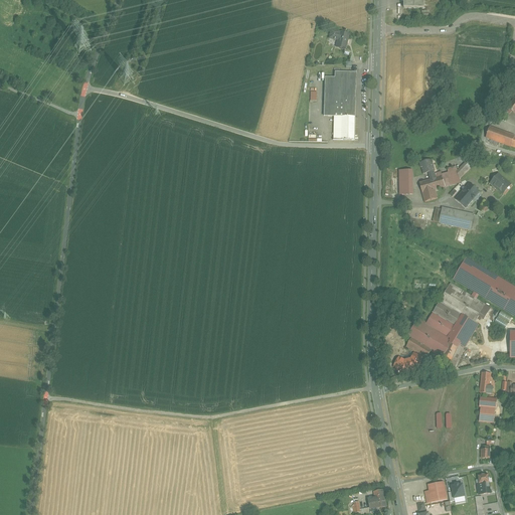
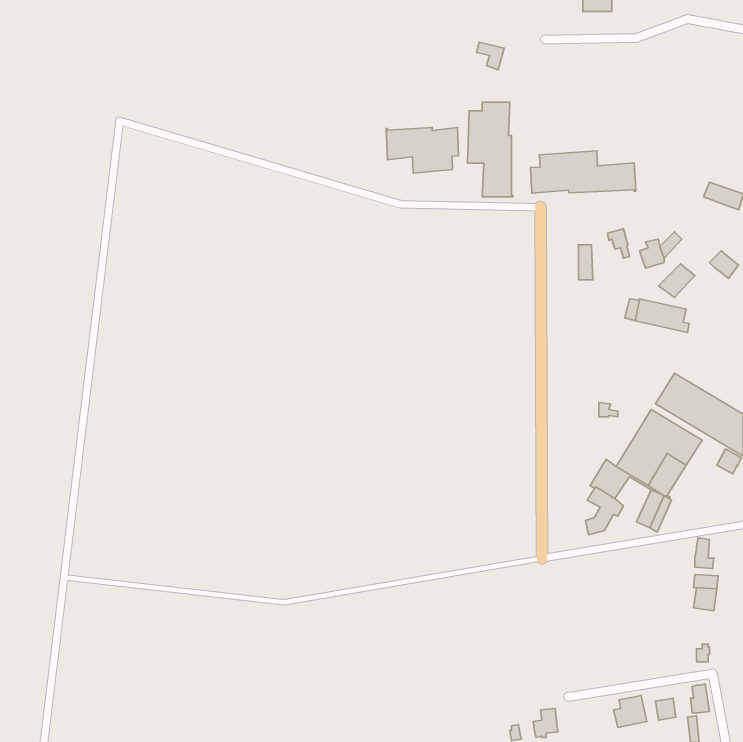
building: none -> [386,127,459,173]
building: none -> [531,151,636,193]
building: [418,175,445,200] -> none

